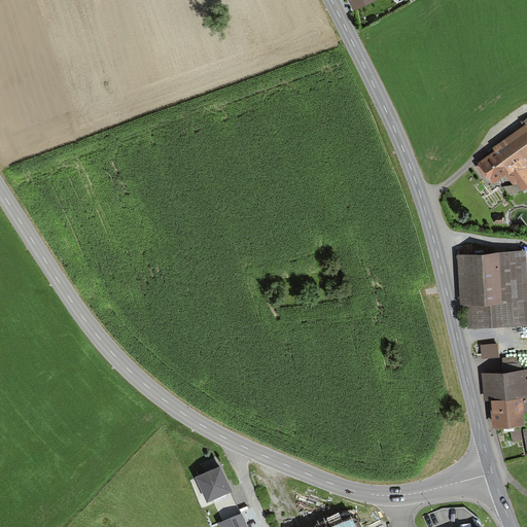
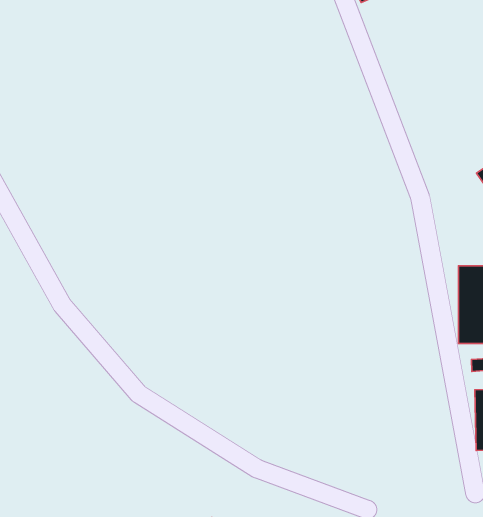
building: [196,465,233,501] -> none

